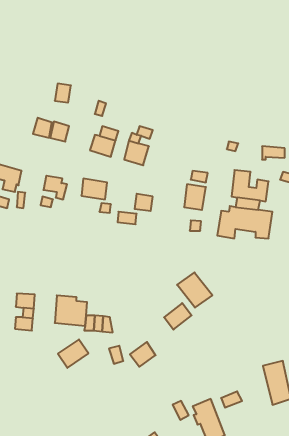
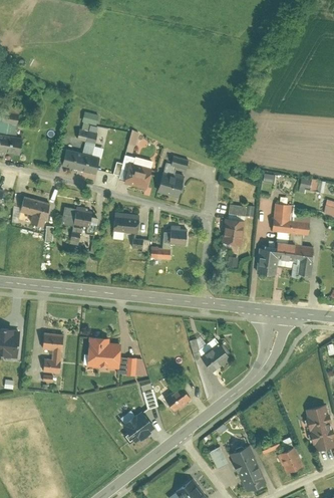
building: [177,272,212,308] -> none
building: [58,339,88,368] -> [120,410,152,440]
building: none -> [276,446,302,473]

